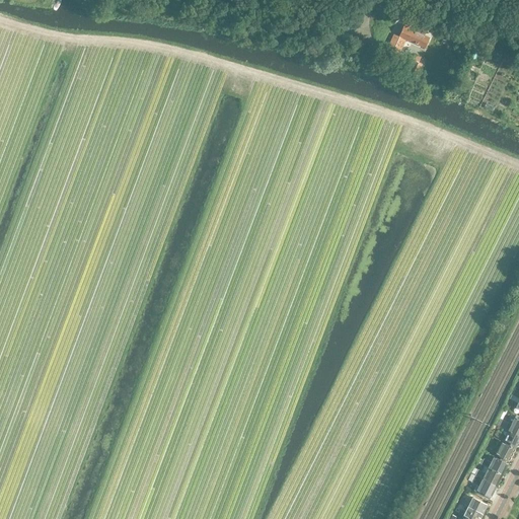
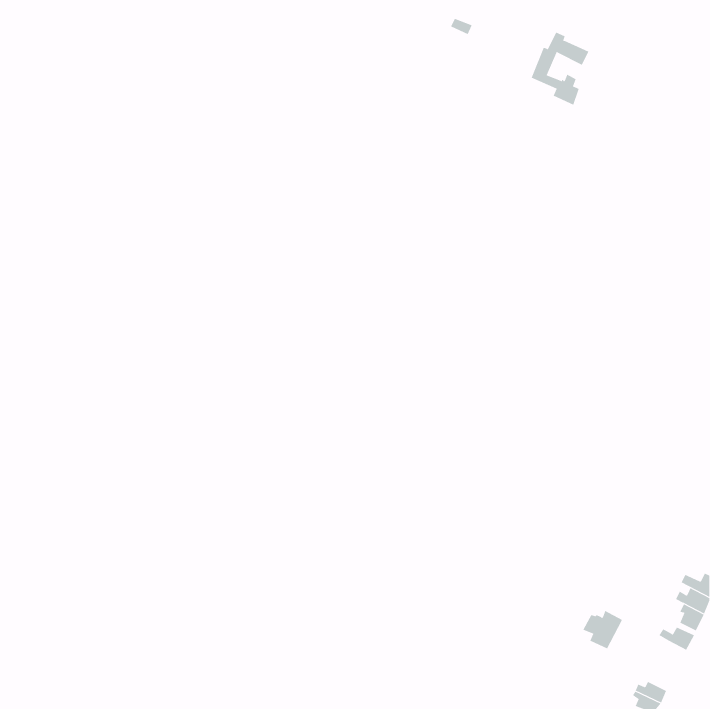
building: [471,468,501,497] -> [583,610,623,649]

